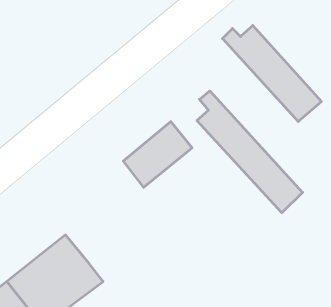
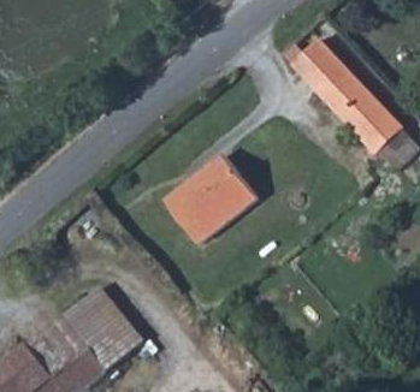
building: [197,91,303,213] -> none

